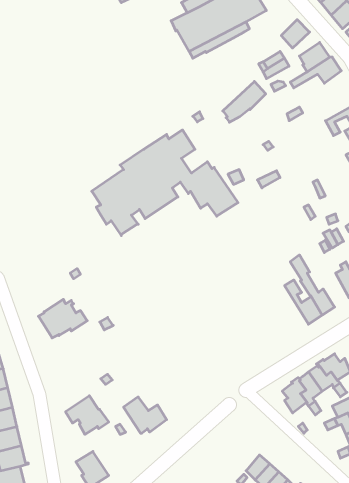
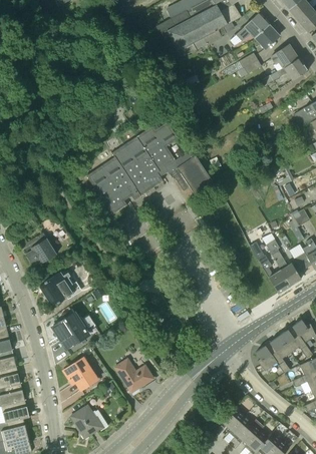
building: [223,81,266,122] -> [230,13,268,49]
building: none -> [25,238,56,265]
building: none -> [52,311,90,348]

